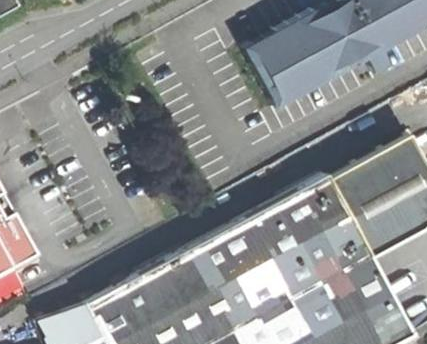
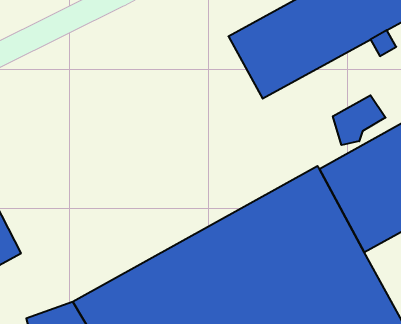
building: none -> [333,95,386,145]

